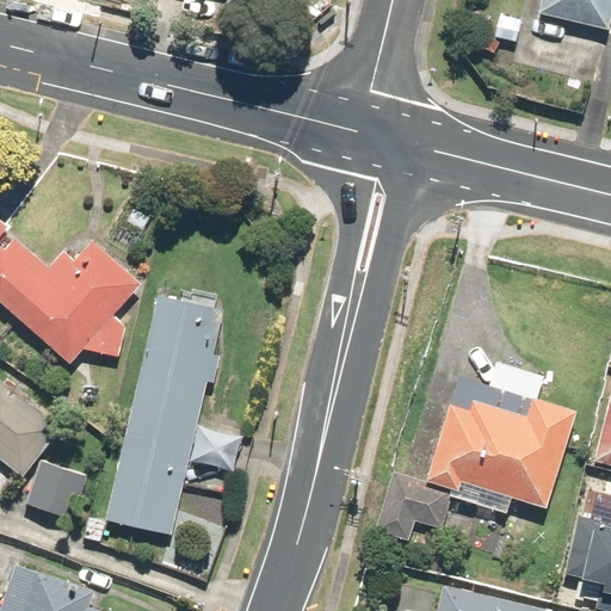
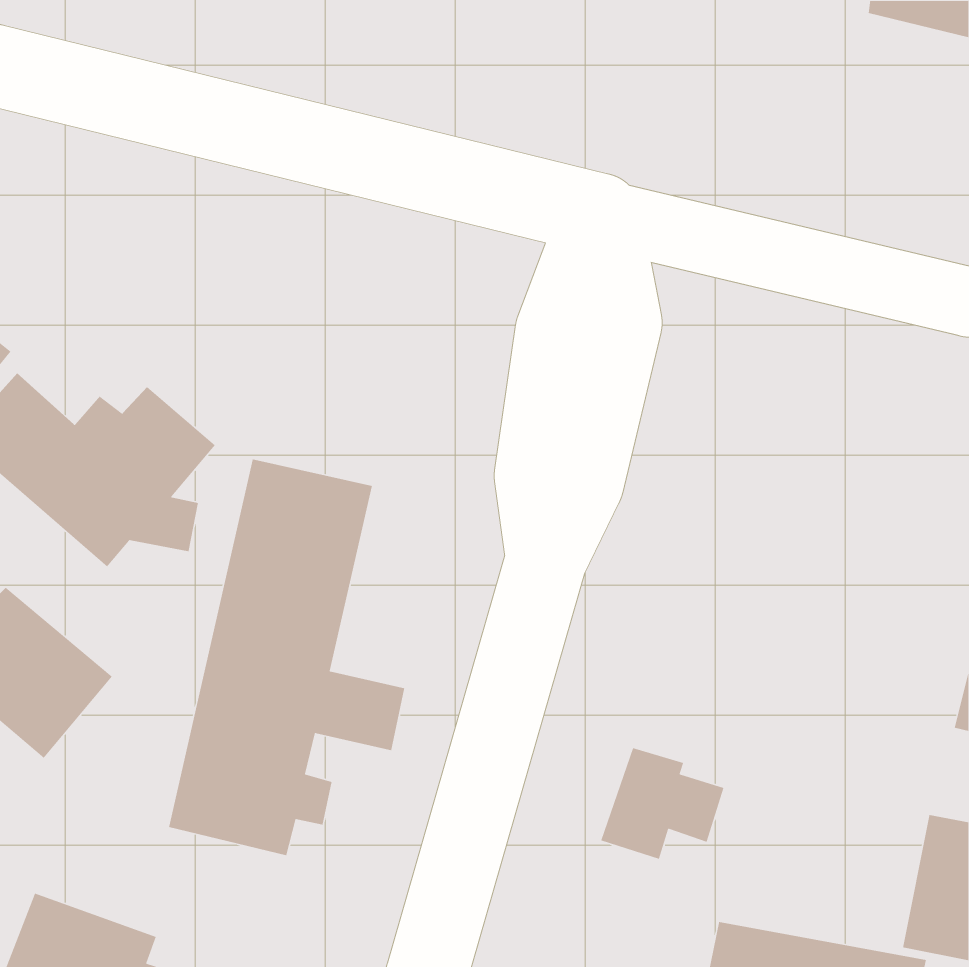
building: [422,397,569,506] -> none
building: [26,467,87,519] -> none

